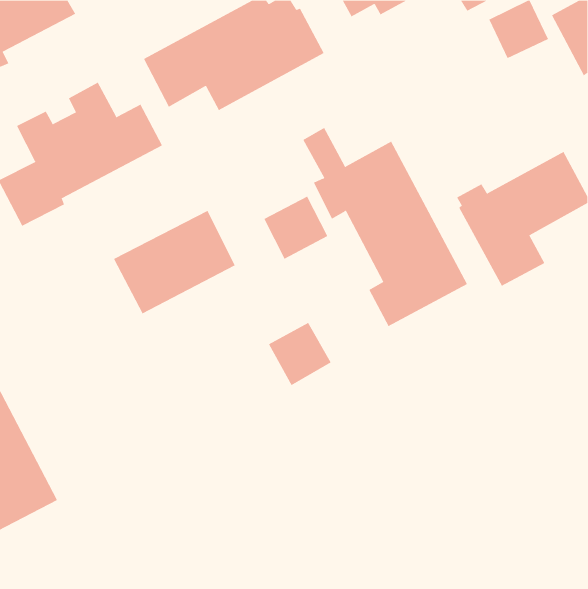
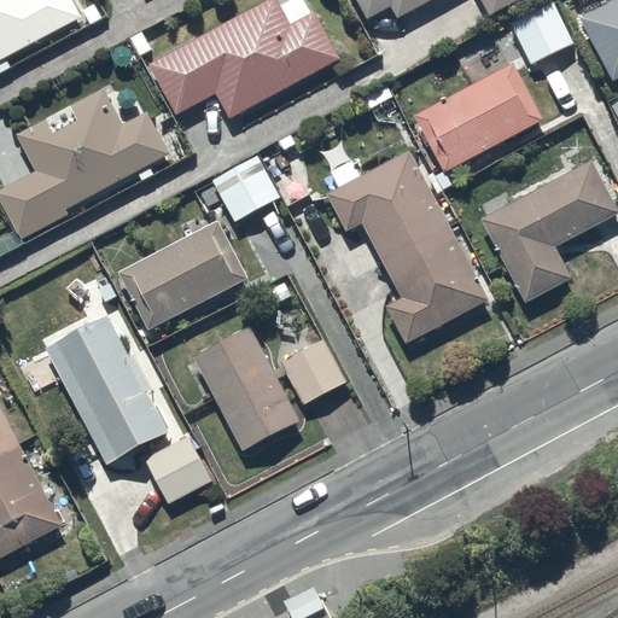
building: none -> [414,62,543,171]
building: [263,196,328,259] -> [211,154,279,221]
building: none -> [46,314,169,464]
building: none -> [192,325,299,450]
building: none -> [144,433,212,503]

